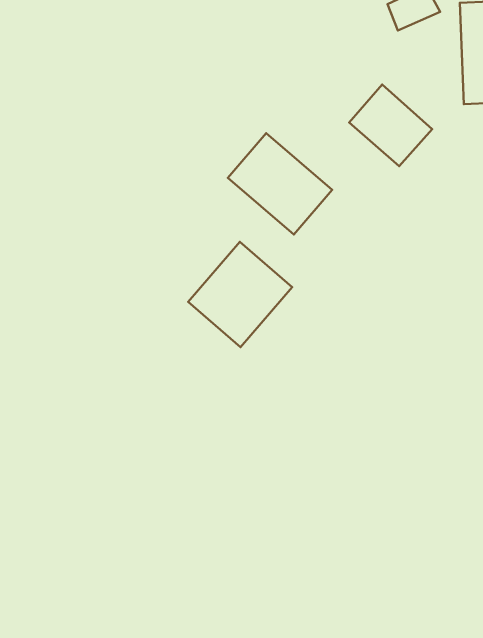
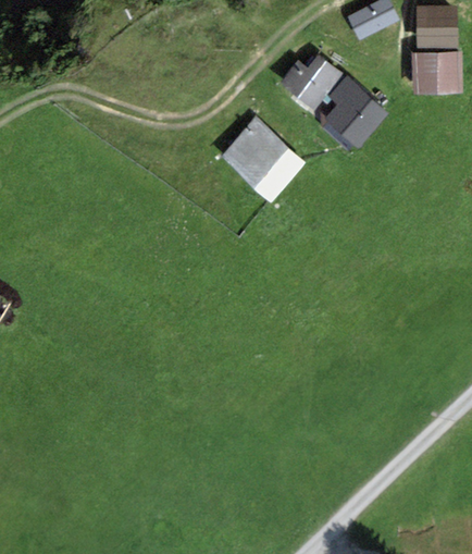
building: none -> [283,49,341,108]
building: [188,242,292,347] -> none

